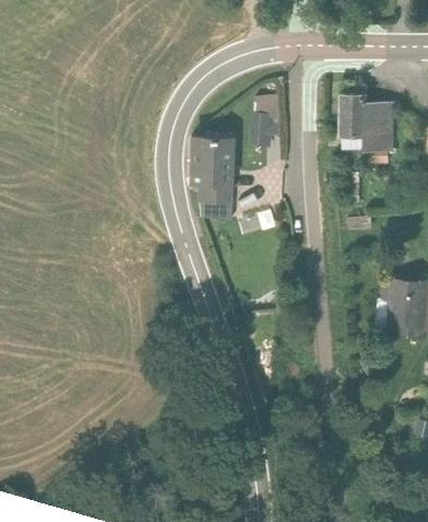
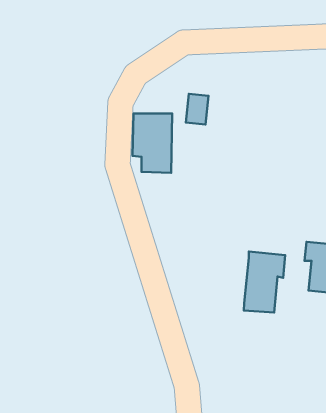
building: [341,92,393,149] -> none
building: none -> [244,252,285,313]

